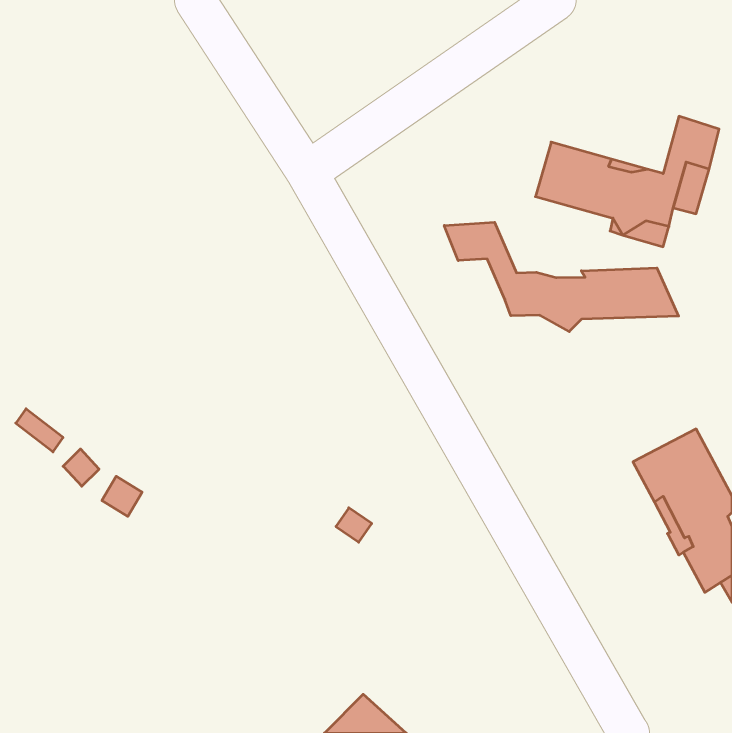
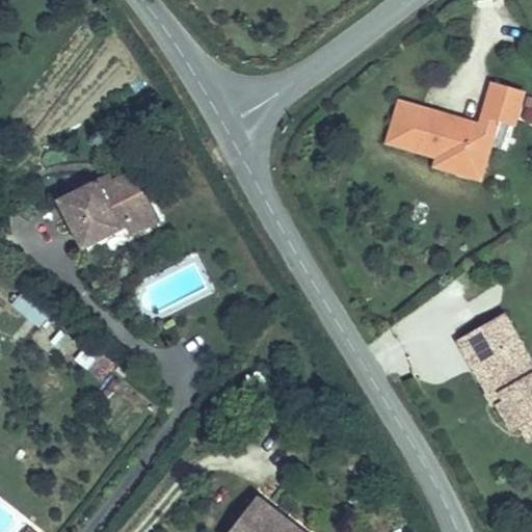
building: [444,222,679,332] -> none
building: none -> [55,170,162,243]

